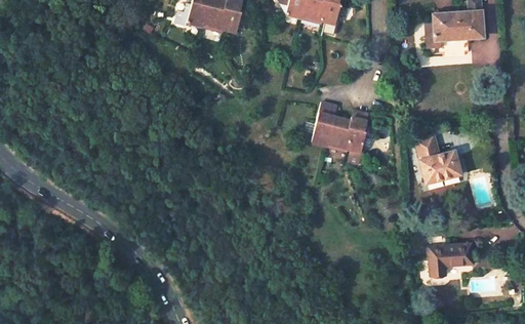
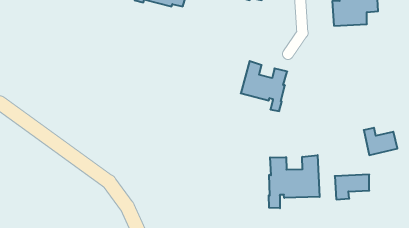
building: [418,147,461,181] -> [364,128,397,155]
building: none -> [269,155,320,208]

